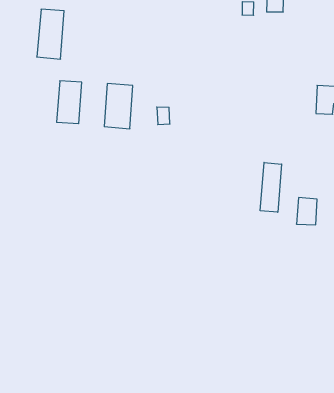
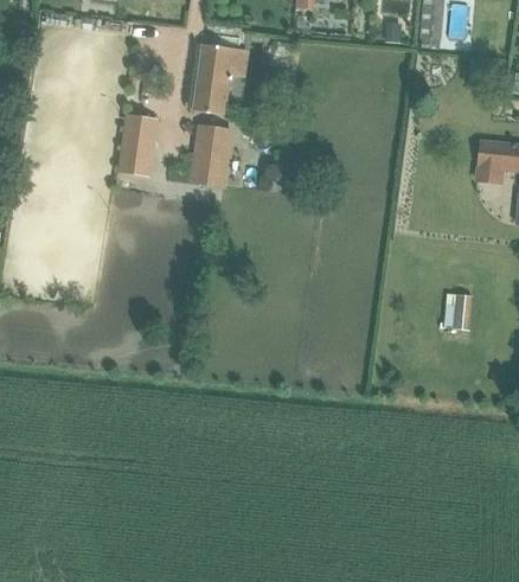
building: [37,9,64,59] -> [192,44,232,113]
building: [260,162,282,212] -> none

